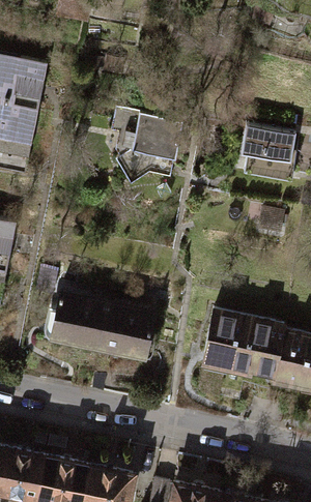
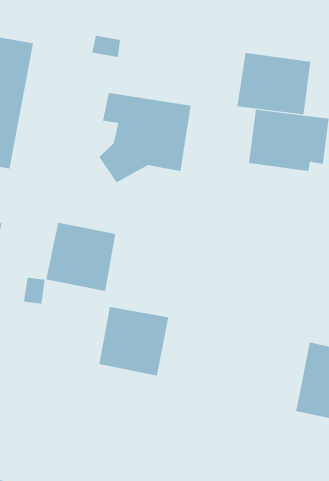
building: none -> [237,52,311,115]
building: [50,287,112,348] -> [46,222,116,291]
building: [197,306,289,384] -> none

